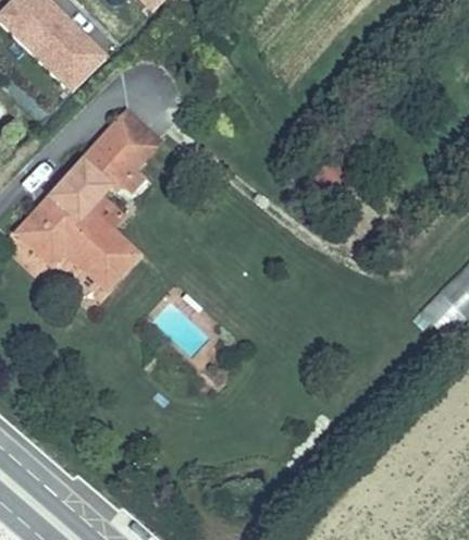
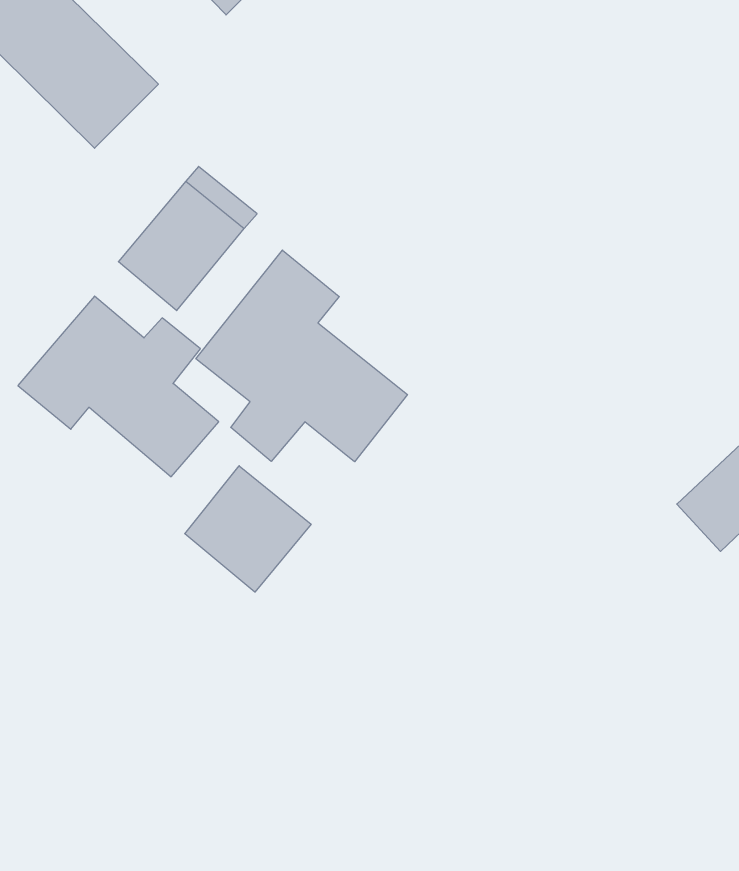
building: none -> [196,250,407,462]
building: none -> [185,466,311,592]

